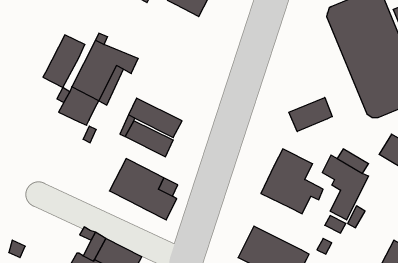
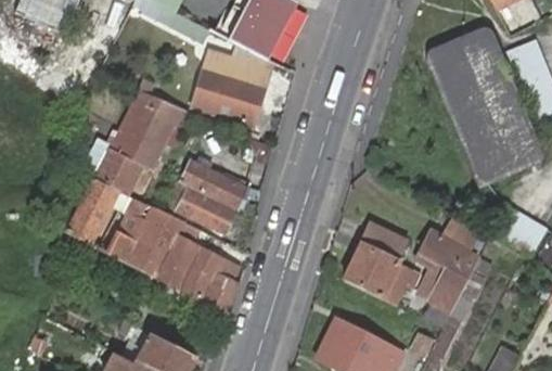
building: none -> [194,44,274,126]
building: [43,35,85,88] -> [67,178,119,243]
building: [289,97,332,132] -> none
building: none -> [108,207,184,276]

